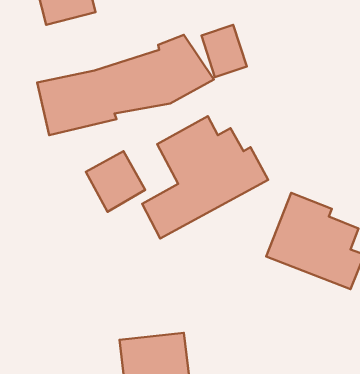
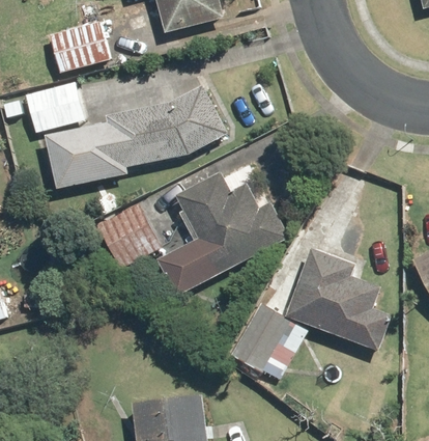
building: [201,25,247,77] -> none
building: none -> [24,81,85,131]
building: none -> [234,306,304,380]

